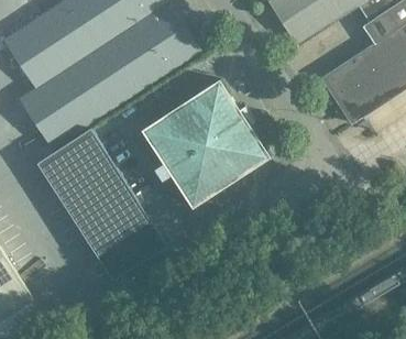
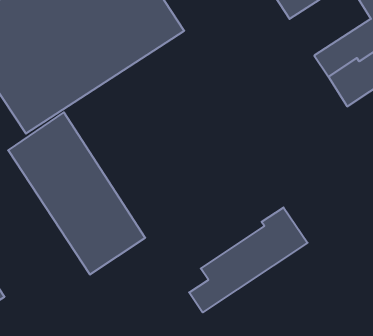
building: [144,79,268,204] -> none
building: none -> [189,207,308,312]

